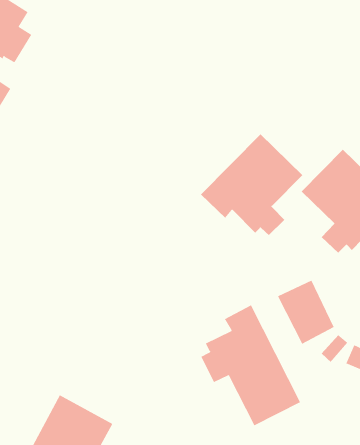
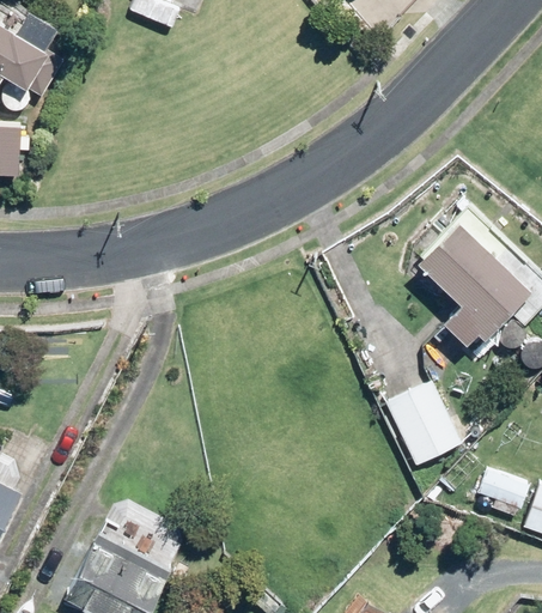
building: [200,133,303,236] -> none
building: [201,304,301,426] -> none

